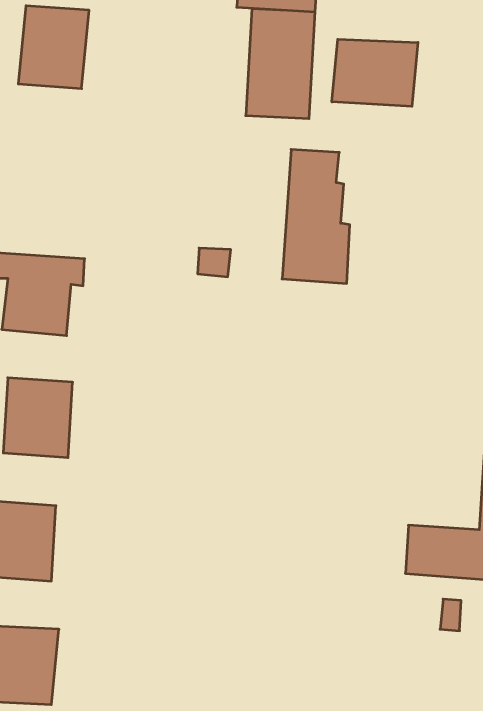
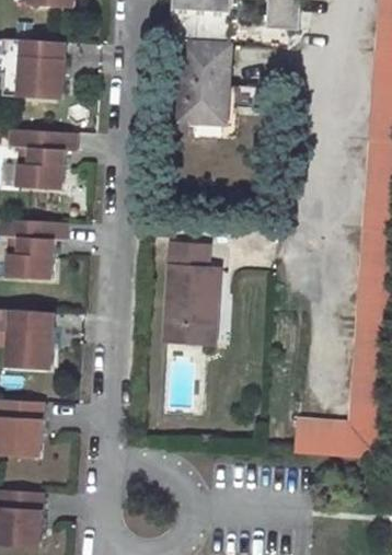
building: [332,39,418,106] -> none
building: none -> [7,129,76,192]
building: [282,149,350,283] -> [166,244,216,342]

